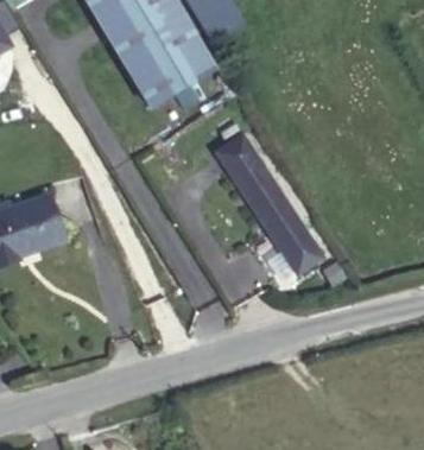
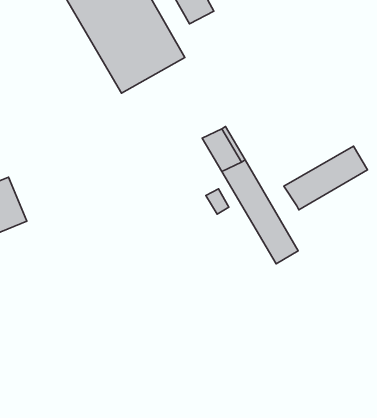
building: none -> [284,146,367,210]

